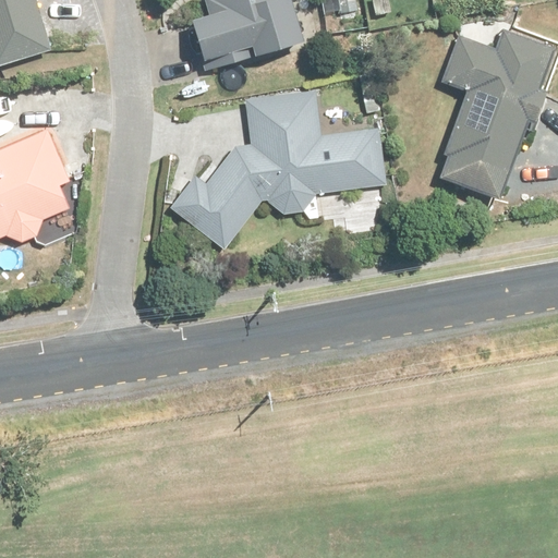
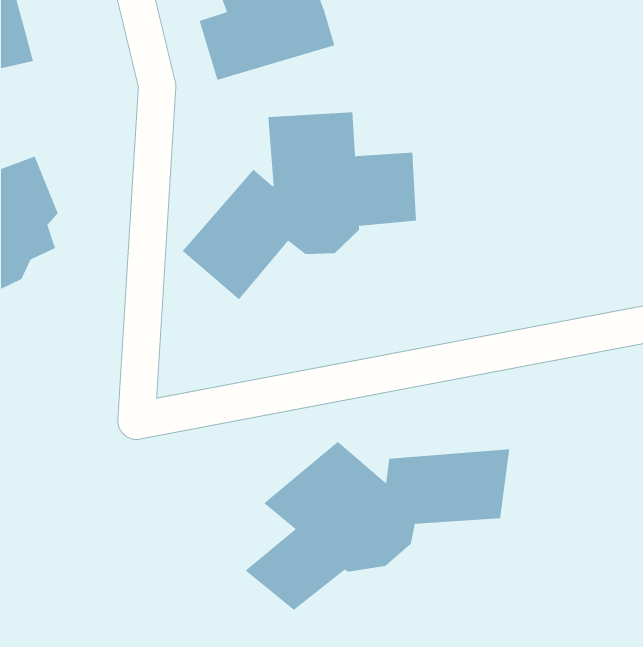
building: [424,23,553,199] -> none
building: none -> [245,441,510,611]

